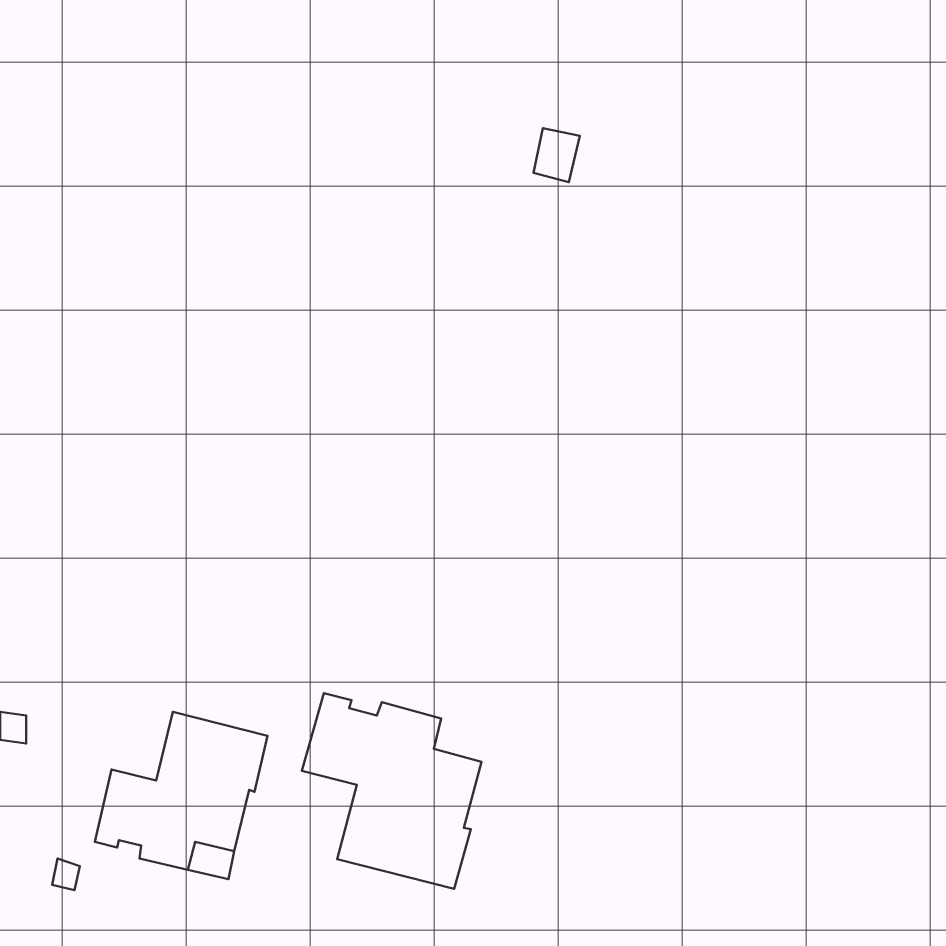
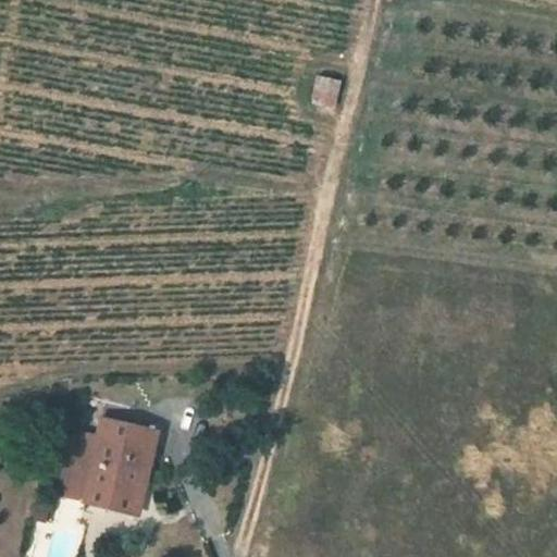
building: [302,693,482,889] -> none

